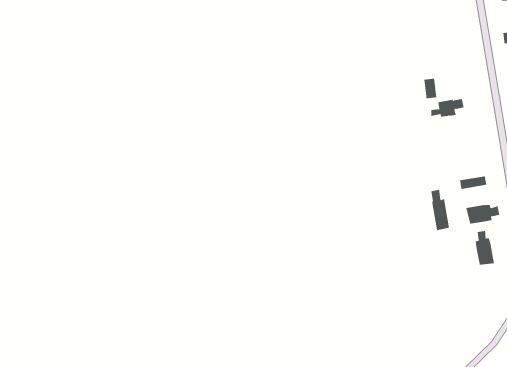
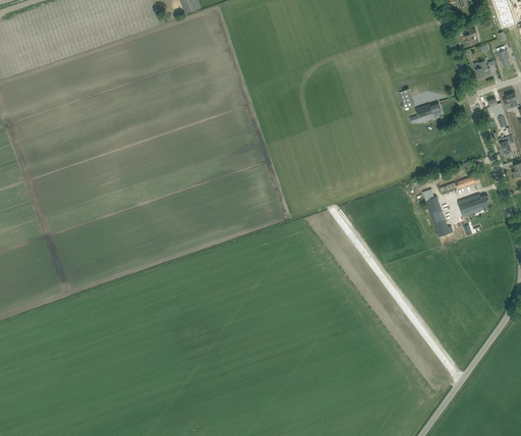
building: [475,230,495,265] -> none

